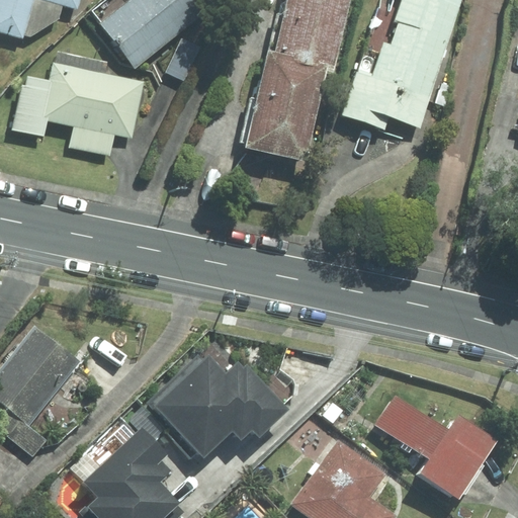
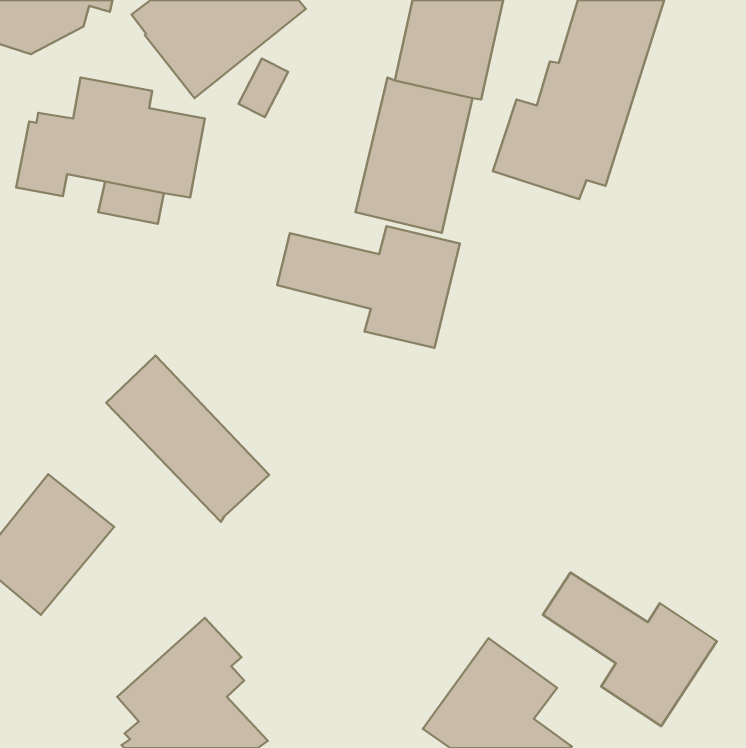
building: none -> [277,226,460,348]
building: none -> [106,355,269,522]
building: [147,339,287,457] -> none

